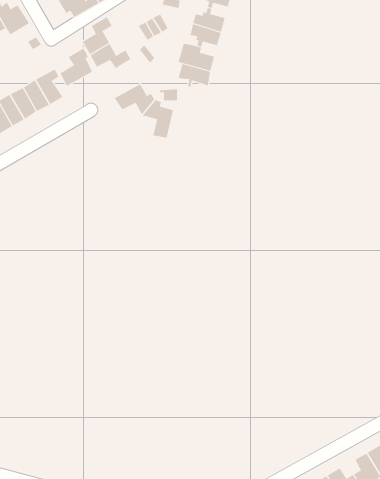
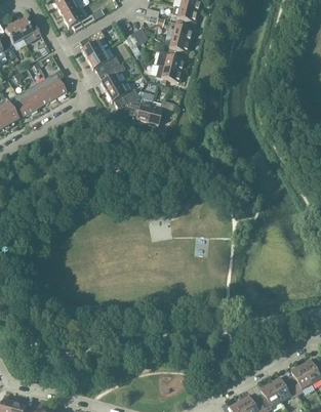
building: [60,48,93,86] -> [101,63,126,92]
building: none -> [147,100,175,126]

